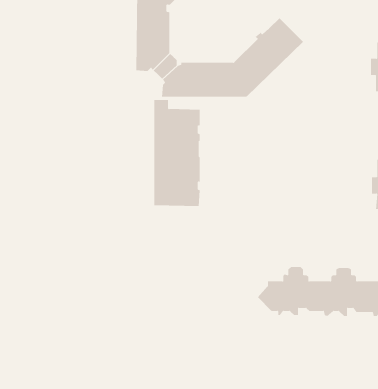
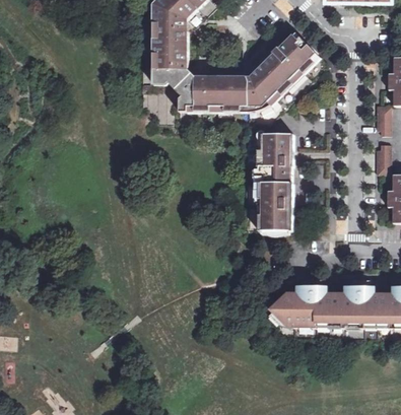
building: none -> [376,106,390,135]
building: [154,99,201,207] -> [247,124,293,230]
building: none -> [376,144,390,175]

